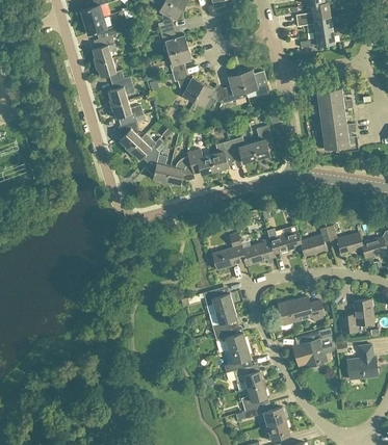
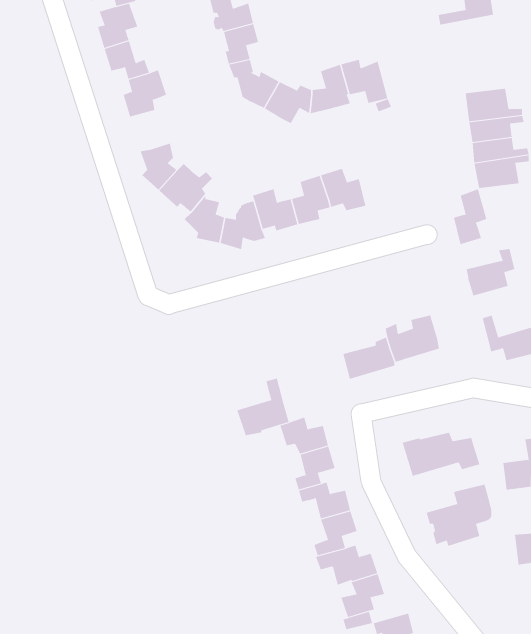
building: [111,101,144,125] -> none
building: [252,125,273,159] -> [453,189,487,245]
building: [300,228,330,257] -> [466,249,515,296]
building: [212,234,244,269] -> [237,378,289,436]

